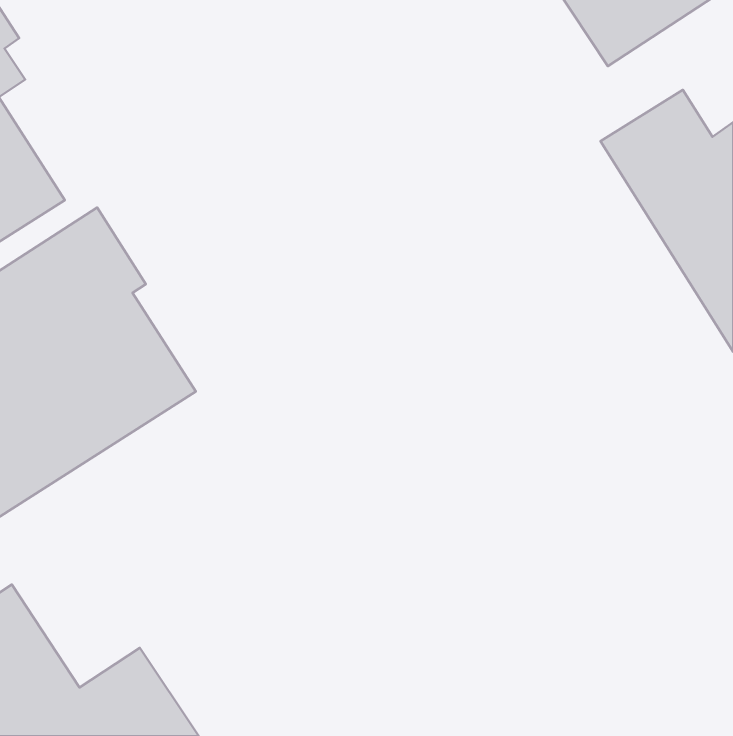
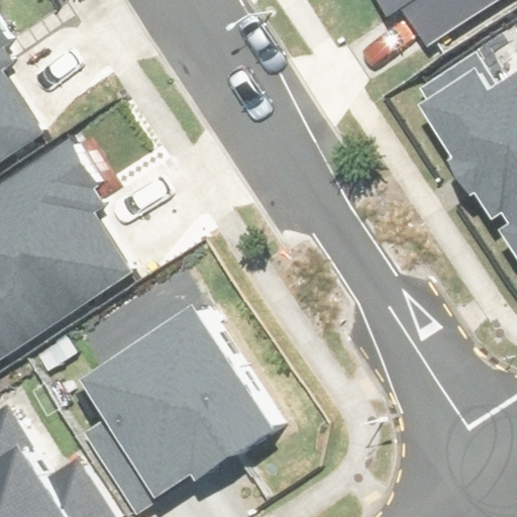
building: none -> [94,303,285,499]

